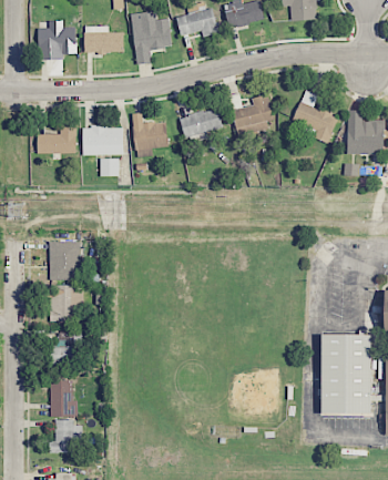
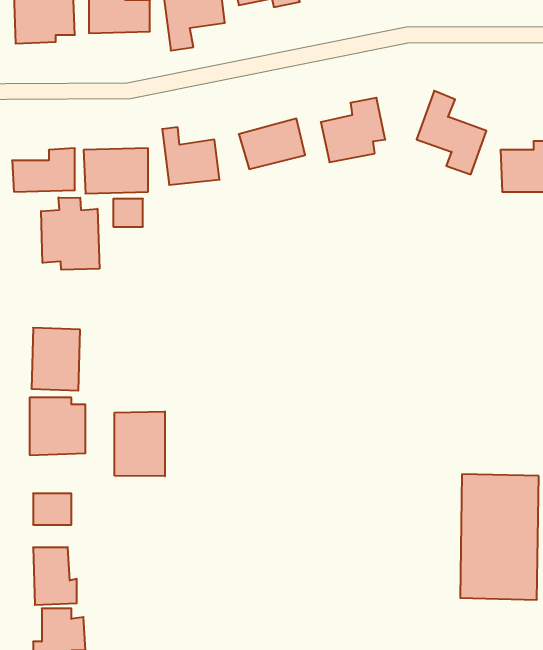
building: none -> [41,197,99,270]
building: none -> [115,411,165,476]

